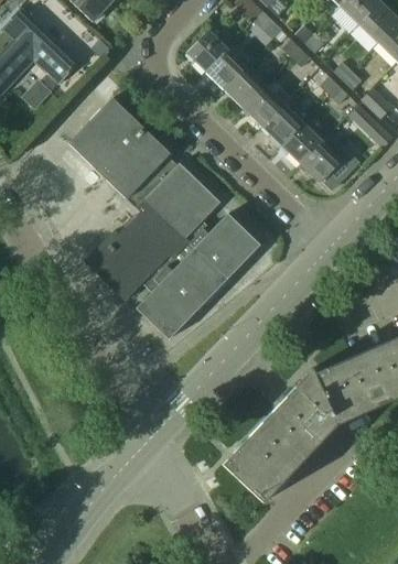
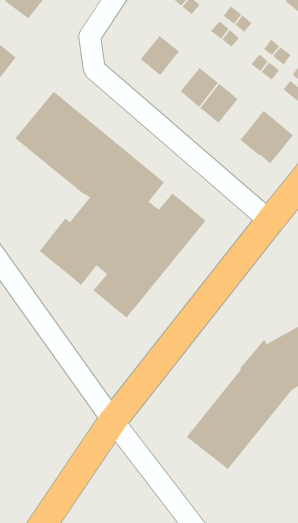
building: [185,30,227,73] -> none
building: [225,68,266,109] -> none
building: [281,122,323,164] -> none

